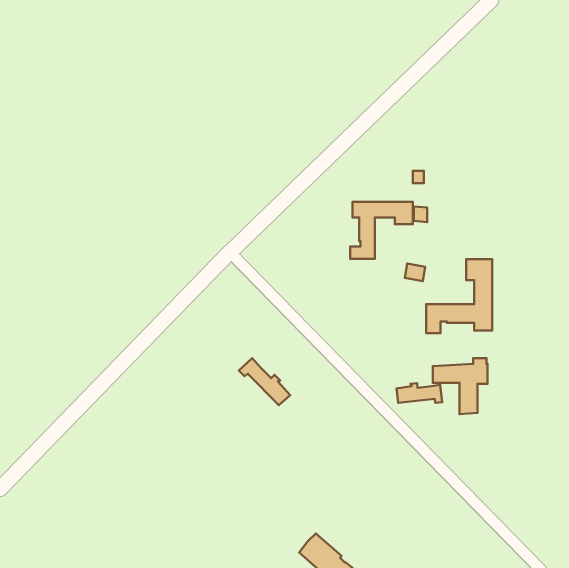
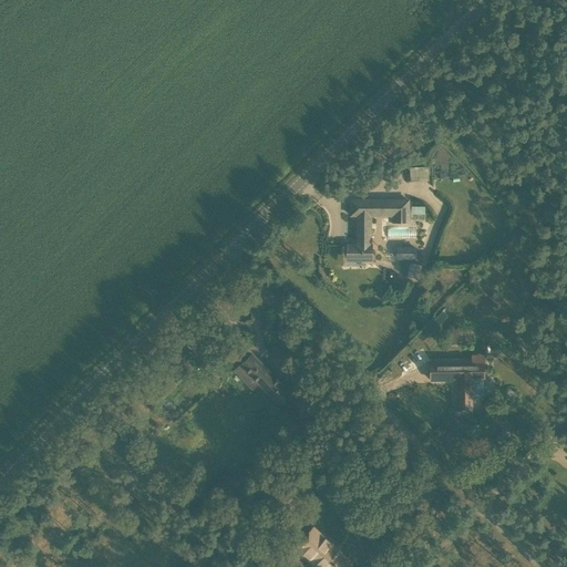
building: [426,259,492,333] -> none
building: [397,383,442,403] -> none

